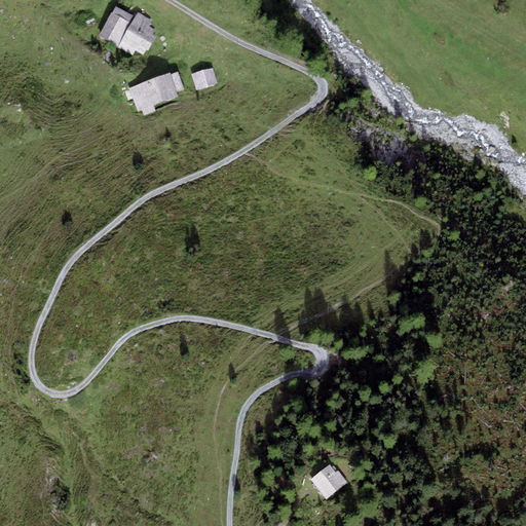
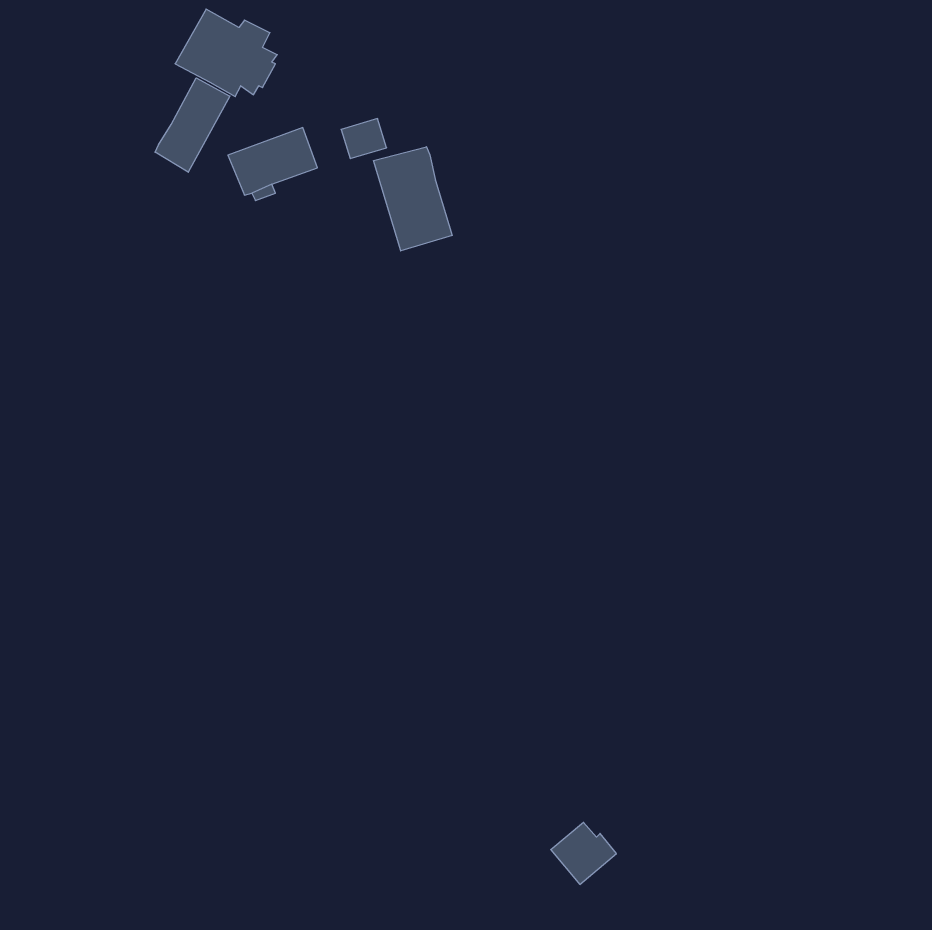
building: none -> [155,78,230,172]
building: none -> [374,147,452,251]

